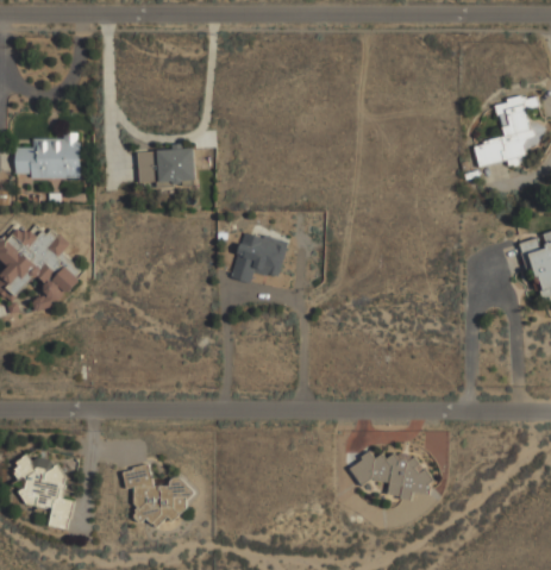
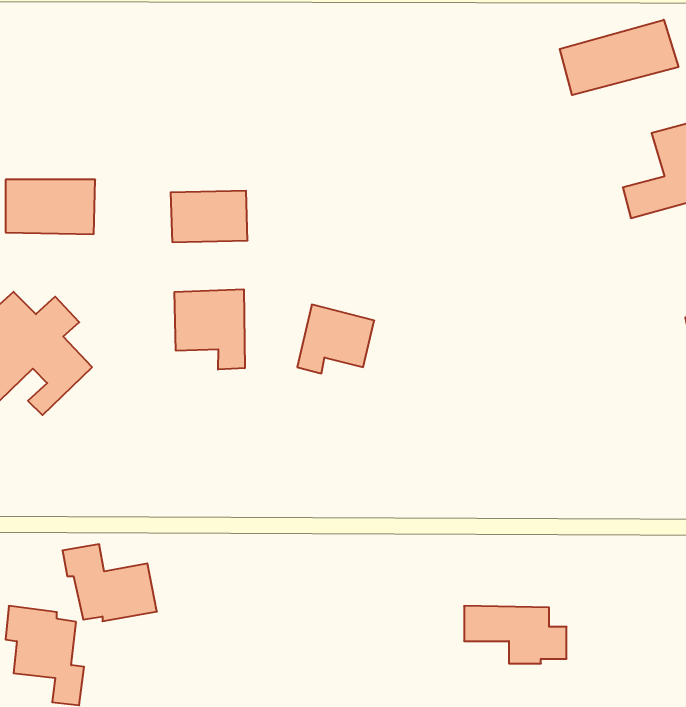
building: none -> [560,20,678,95]
building: none -> [175,289,245,370]
building: [121,464,192,521] -> [62,544,157,621]

